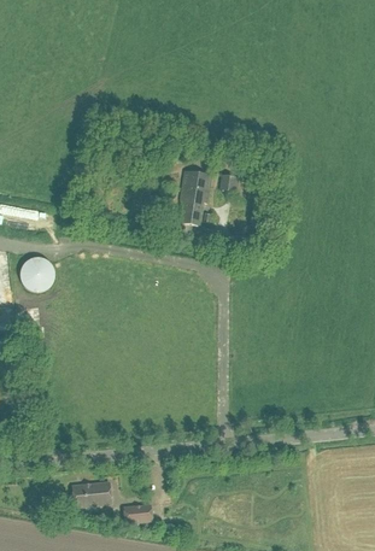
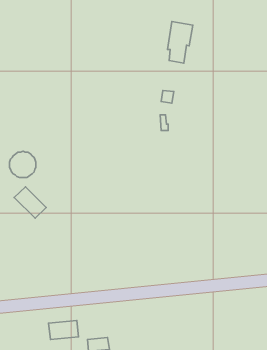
building: [177,170,211,225] -> [167,21,193,63]
building: none -> [14,187,46,218]

